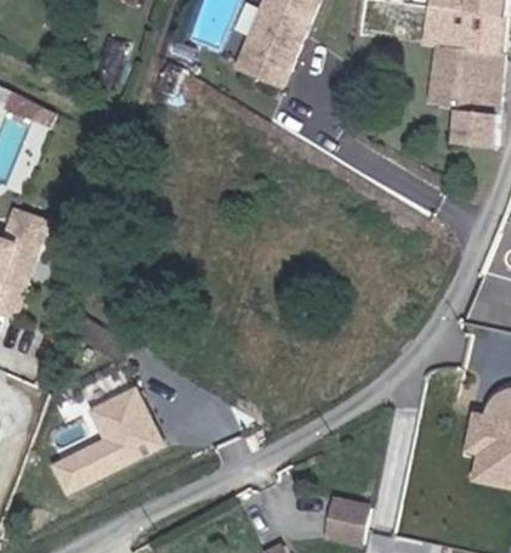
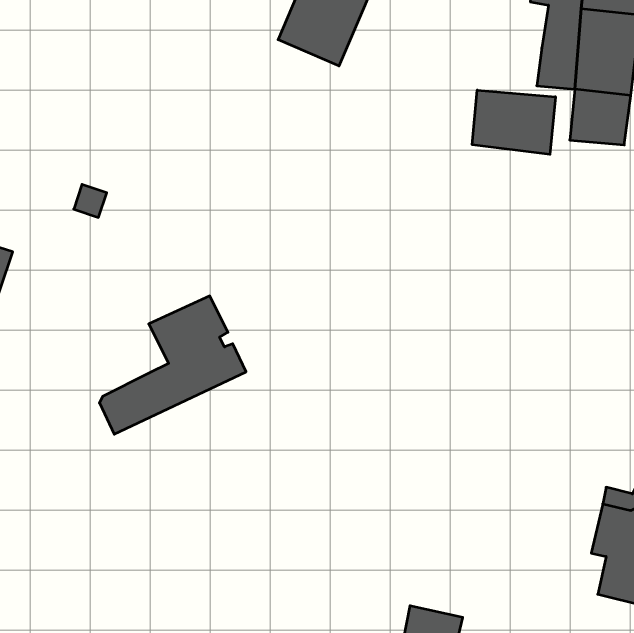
building: none -> [472,90,555,154]
building: [57,393,165,495] -> [99,296,246,434]

